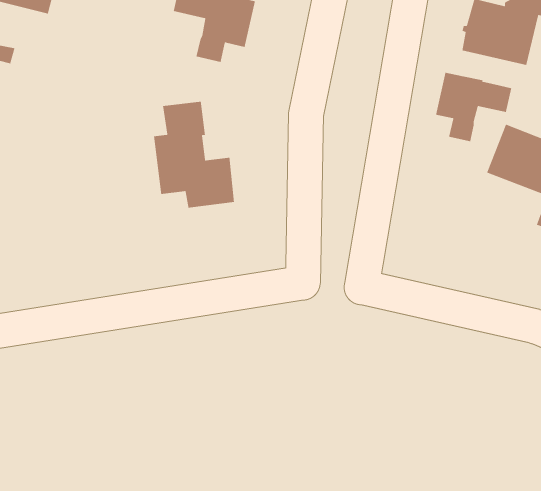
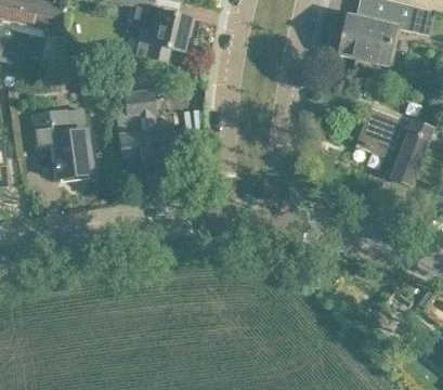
building: [435,72,512,142] -> none
building: none -> [34,109,91,178]

